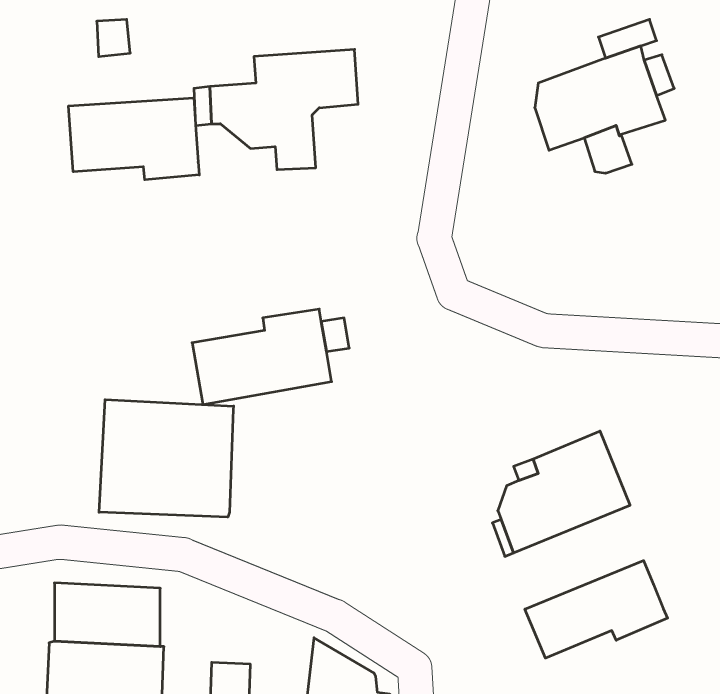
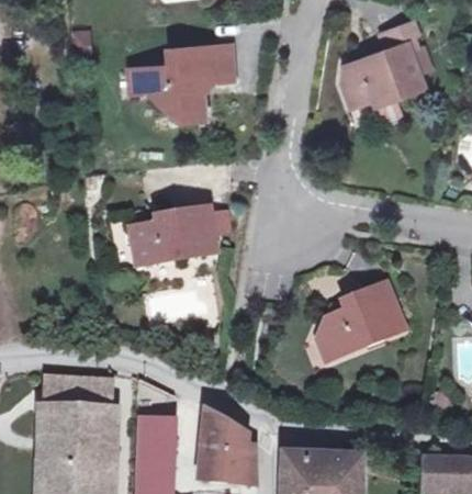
building: [69,98,199,180] -> none
building: [99,400,234,517] -> none
building: [525,561,668,658] -> none

